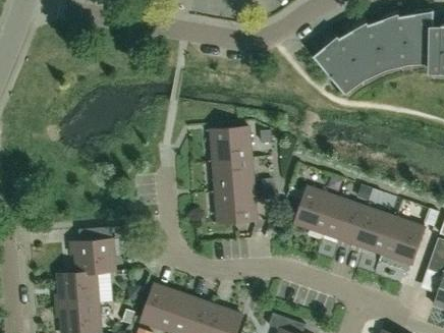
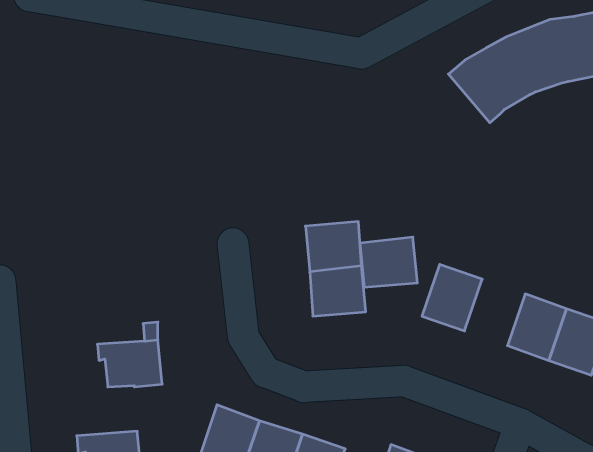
building: [211,126,251,161] -> [360,237,417,287]
building: [324,198,366,243] -> none
building: [55,271,98,306] -> none

